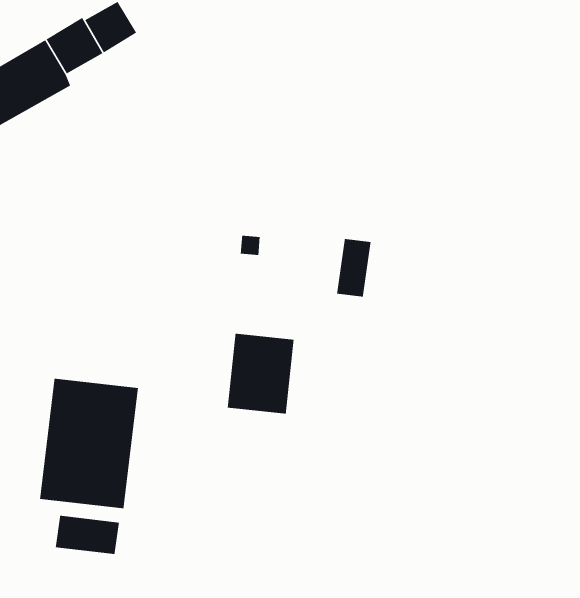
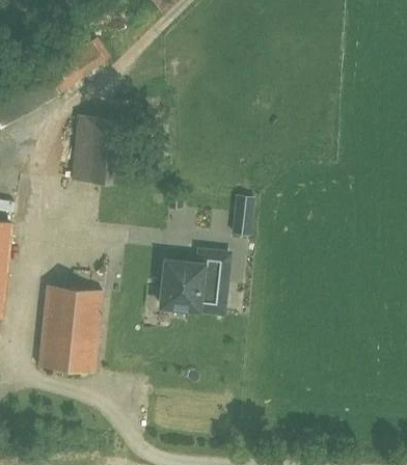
building: none -> [72,116,127,184]
building: none -> [201,251,229,316]
building: [55,515,120,555] -> none

